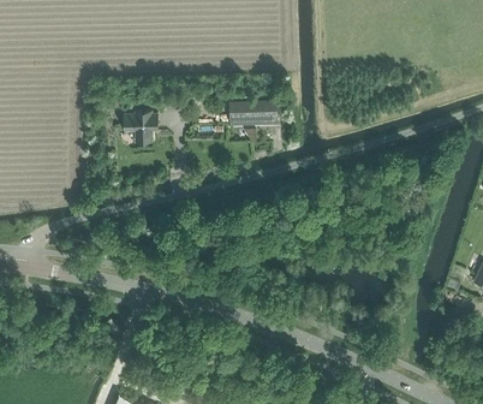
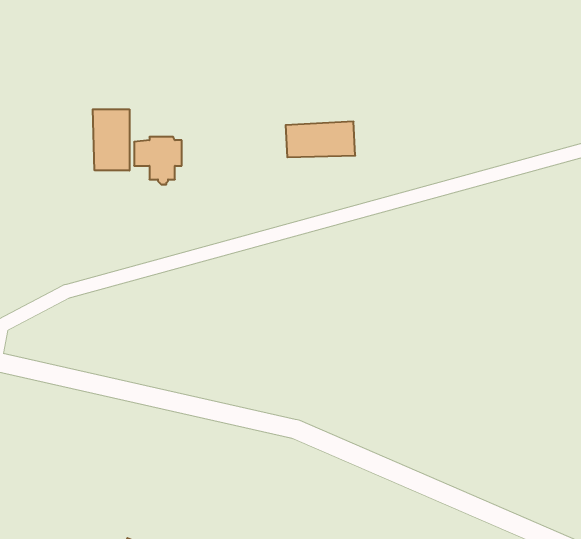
building: none -> [93,109,129,171]

